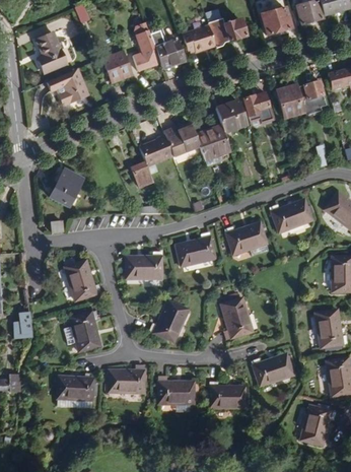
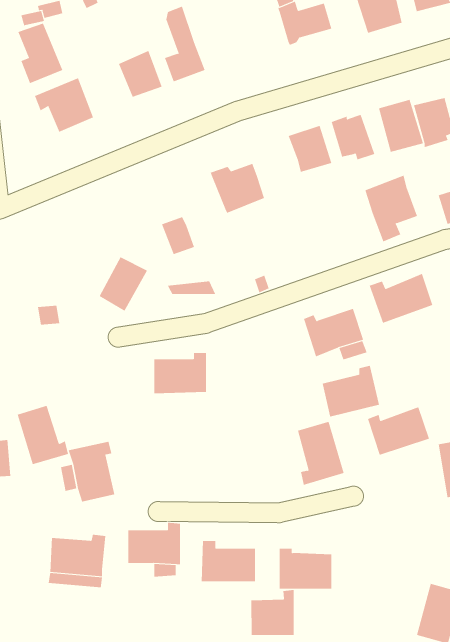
building: [183,24,216,52] -> none
building: [154,37,185,68] -> none
building: [196,123,231,167] -> [364,175,418,242]
building: [140,134,174,166] -> none
building: [51,168,83,205] -> [99,257,148,312]
building: [178,231,216,266] -> [322,365,380,417]
building: [66,260,100,299] -> [17,405,69,465]
building: [150,299,189,341] -> none
building: [253,352,294,385] -> [367,407,430,455]
building: none -> [251,589,294,636]

